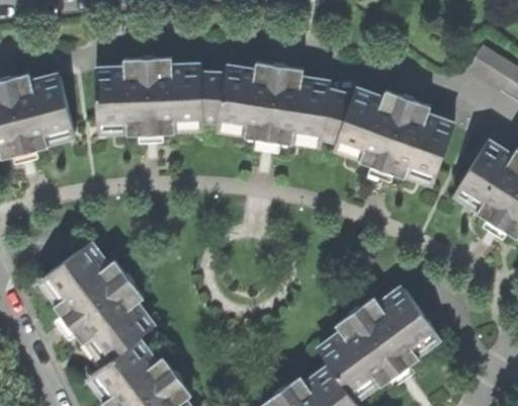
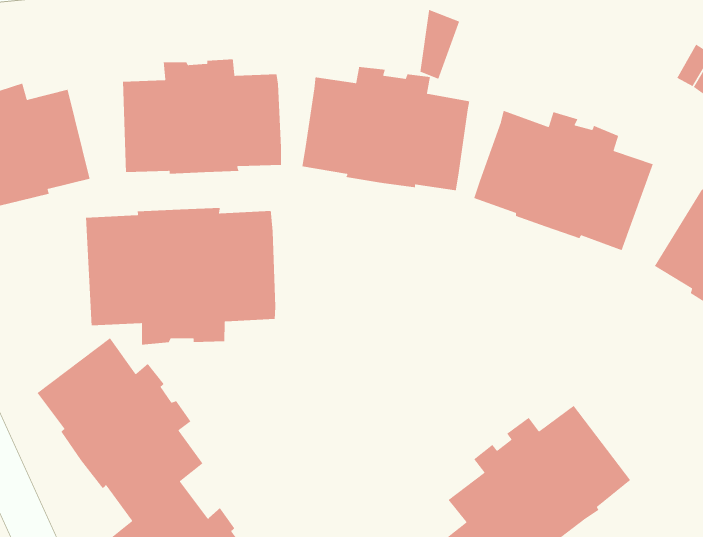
building: [202,72,226,115] -> none
building: [324,89,351,137] -> [419,9,460,80]
building: none -> [85,207,276,345]

